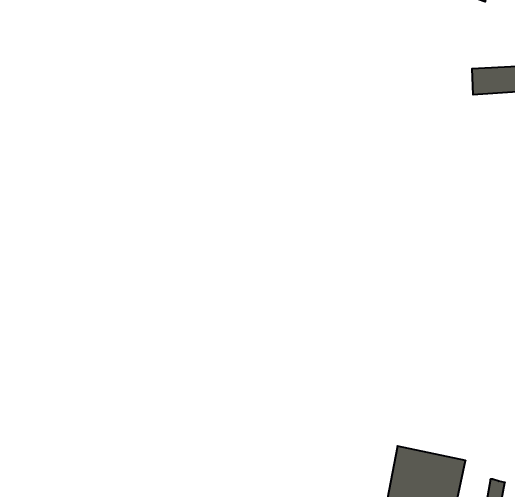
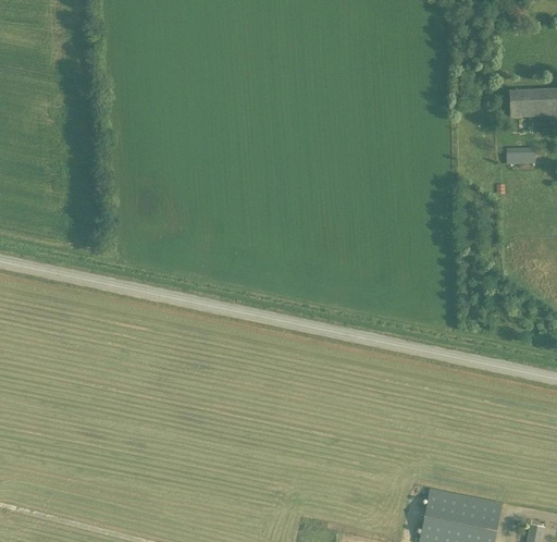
building: none -> [507,148,536,163]

